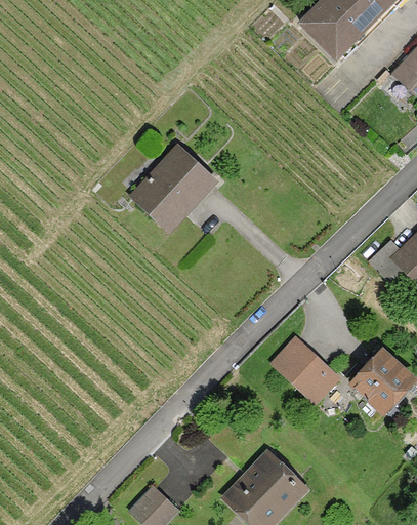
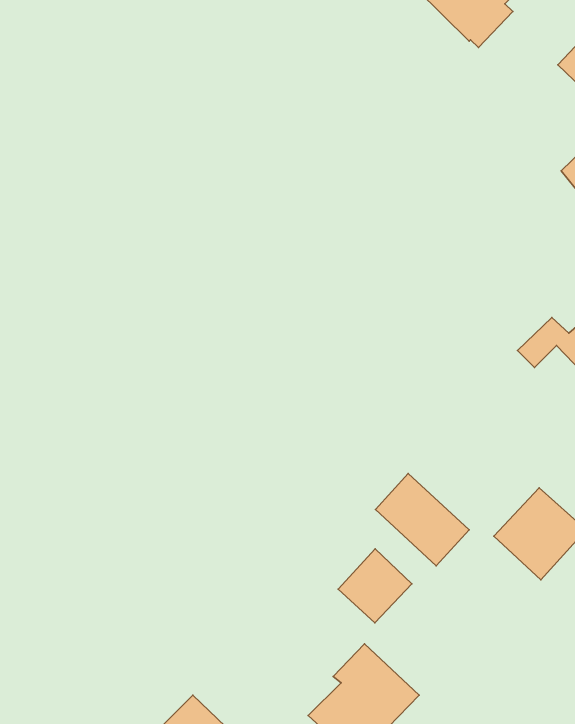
building: [132,147,213,230] -> none
building: none -> [338,549,412,623]

